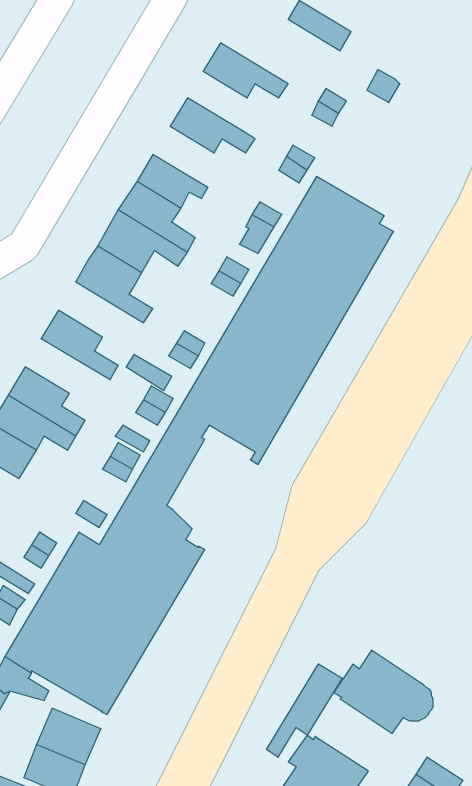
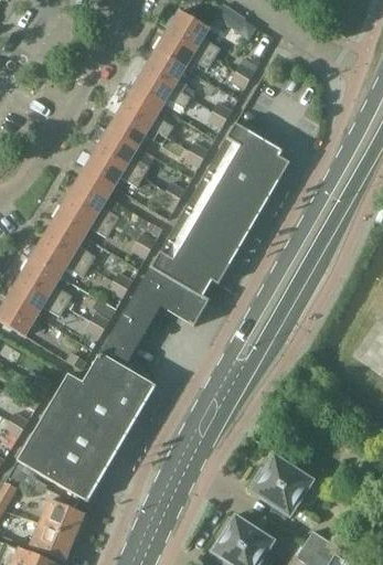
building: none -> [167,13,220,60]
building: none -> [143,51,187,93]
building: none -> [119,89,173,138]
building: none -> [53,199,113,238]
building: none -> [30,238,89,277]
building: [267,664,342,757] -> none

